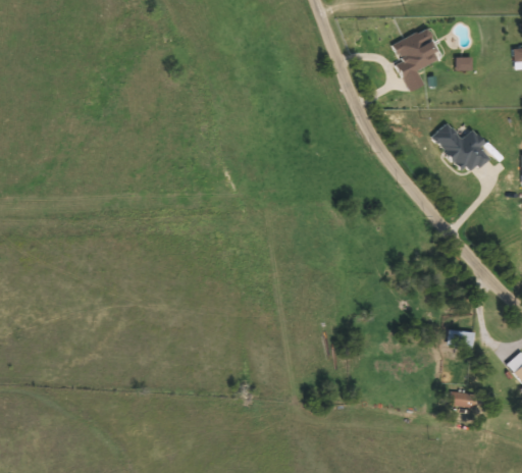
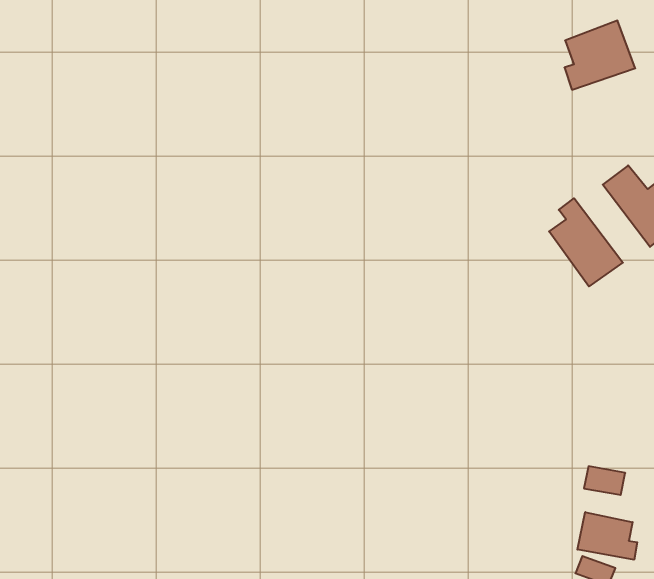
building: none -> [549,198,623,286]
building: none -> [577,512,637,560]

